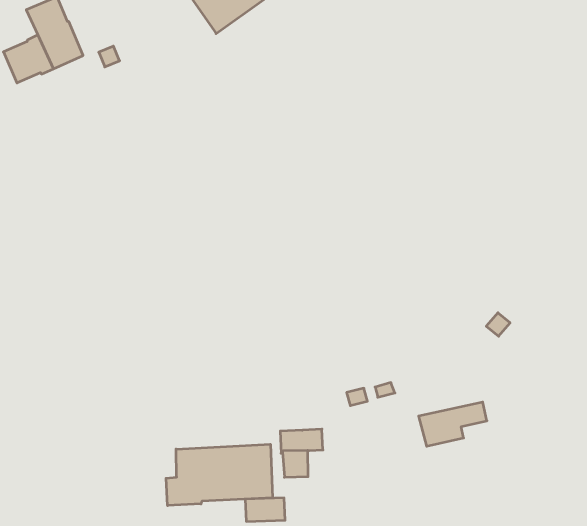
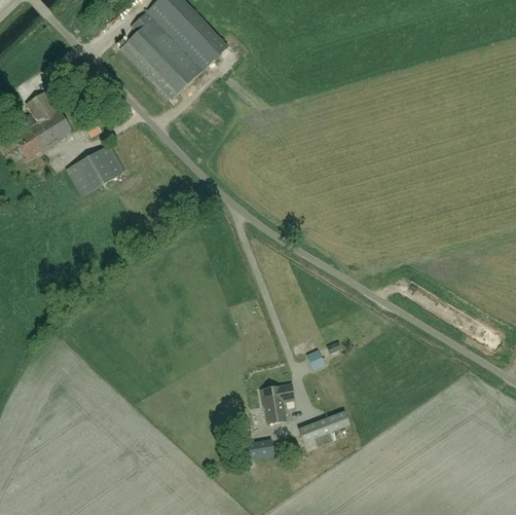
building: none -> [66,144,125,195]
building: [419,402,487,446] -> [298,410,349,449]
building: [166,444,272,506] -> none

